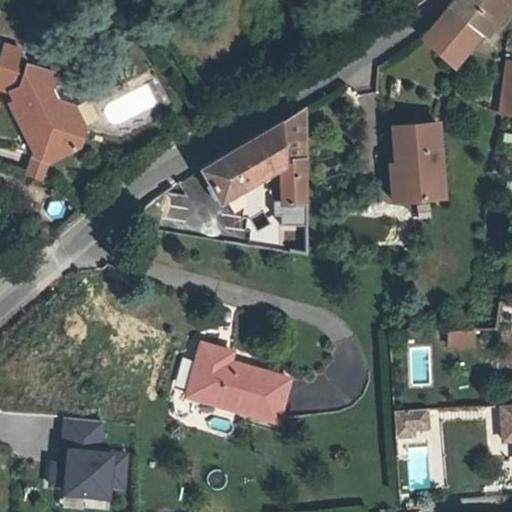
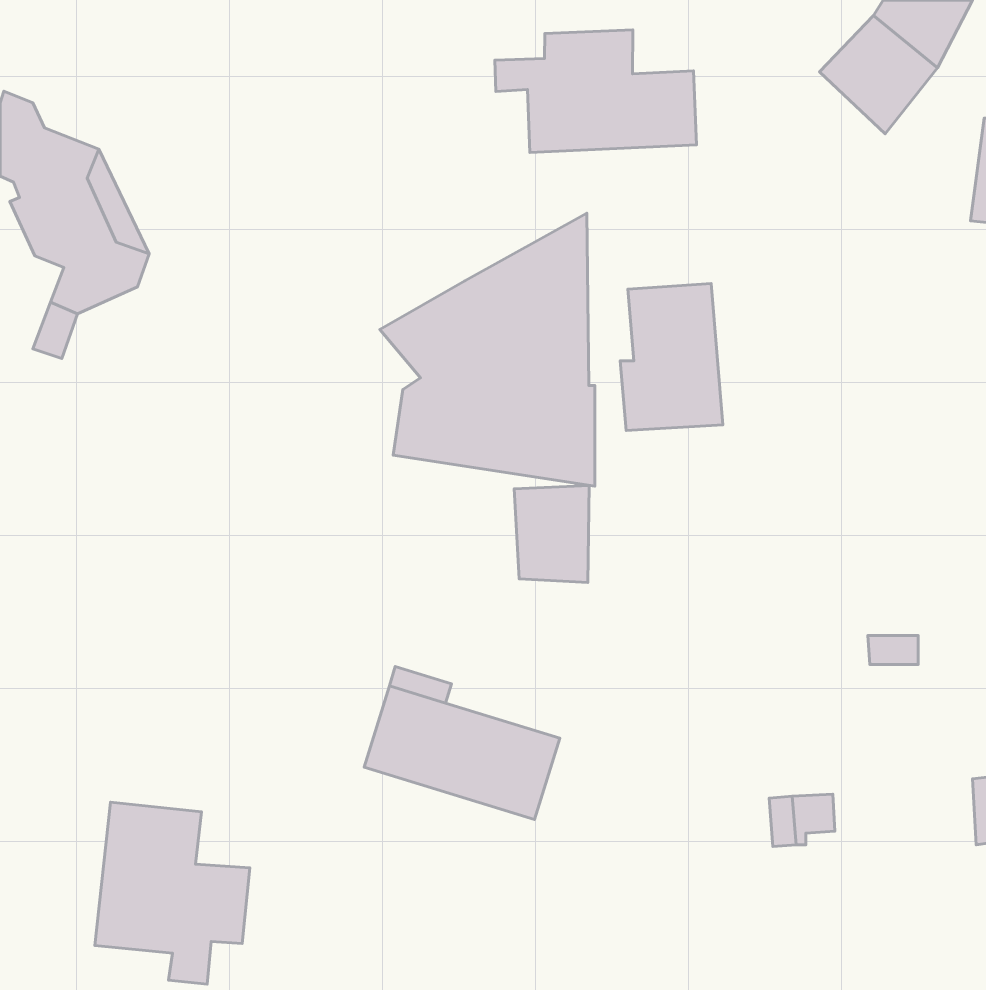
building: none -> [495,30,697,152]
building: [388,124,441,200] -> [620,283,723,431]
building: none -> [514,485,589,582]

